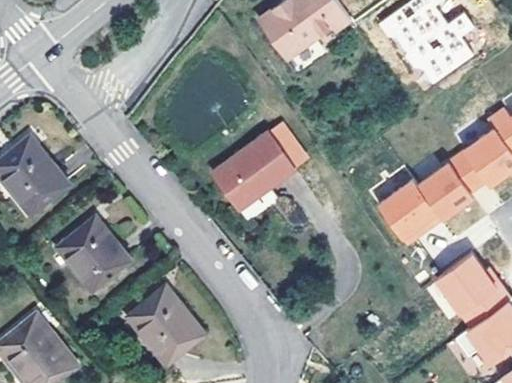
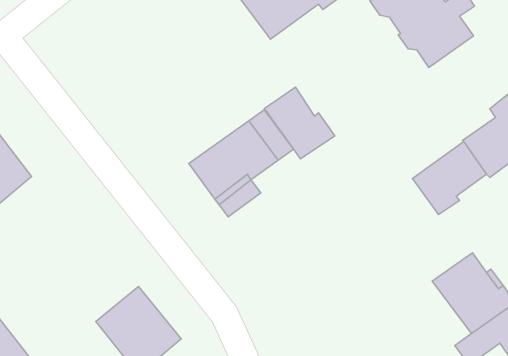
building: none -> [265,87,335,159]
building: [377,180,440,245] -> none
building: [55,215,130,291] -> none

